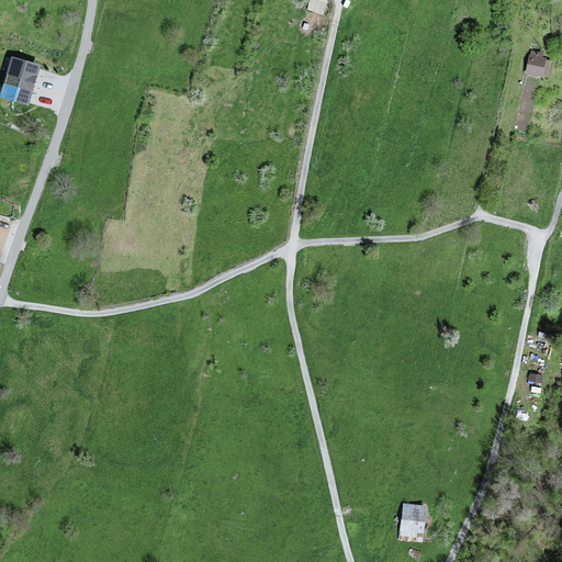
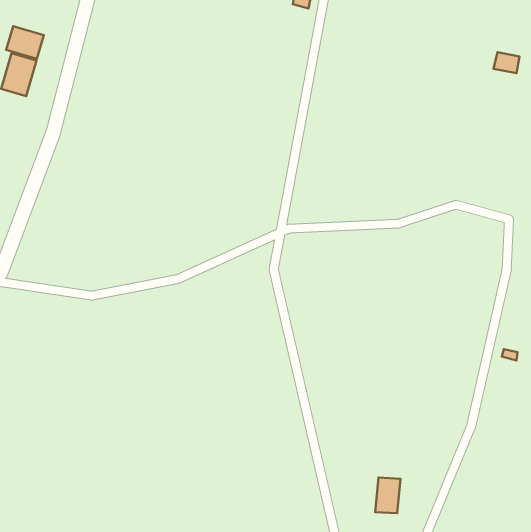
building: none -> [6,26,44,59]

